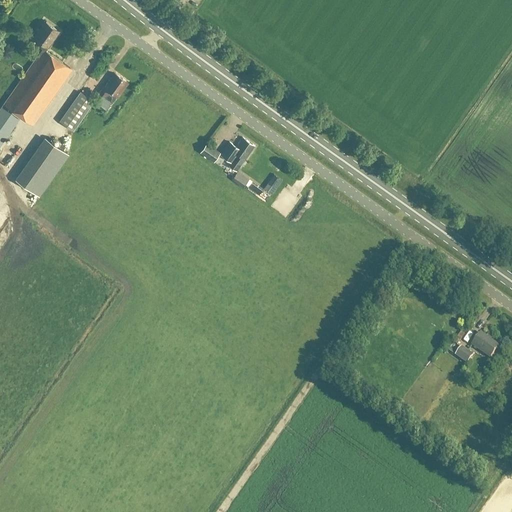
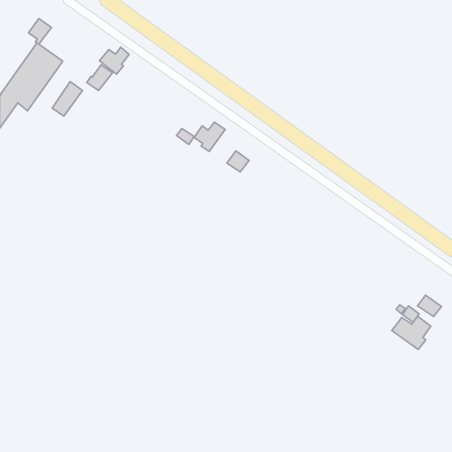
building: none -> [100,47,129,74]
building: [19,137,68,194] -> none
building: none -> [392,316,431,349]

